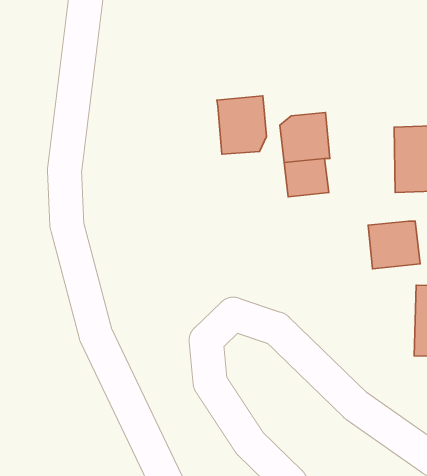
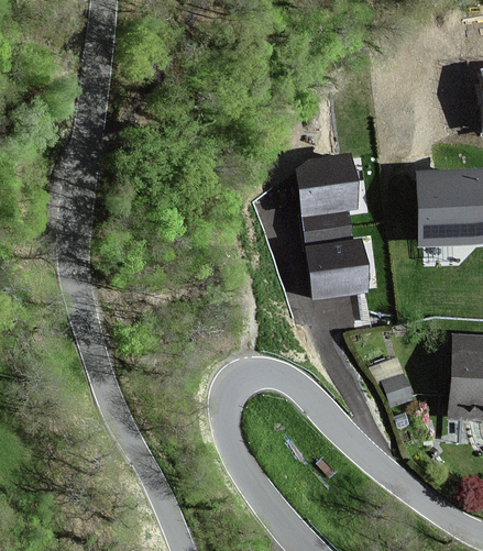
building: [217,96,267,154] -> none
building: [368,221,420,269] -> [314,244,369,295]

